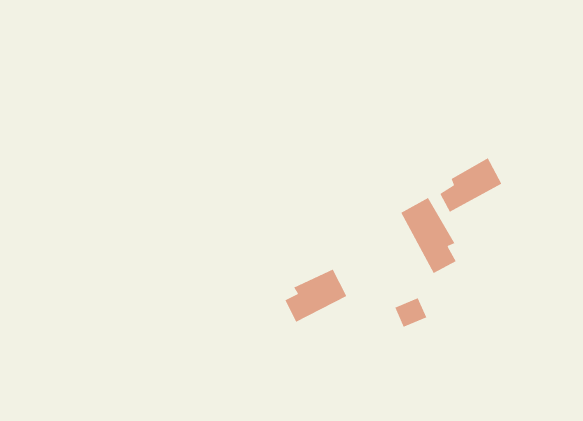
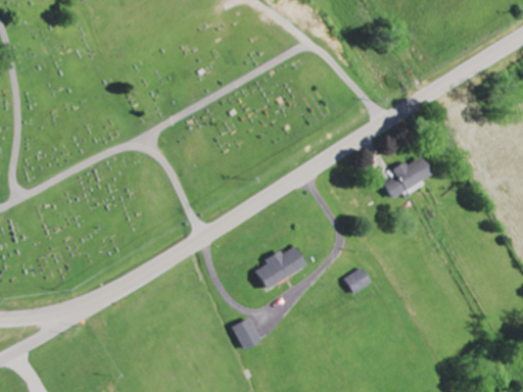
building: [401,197,456,274] -> none
building: none -> [233,318,259,348]

